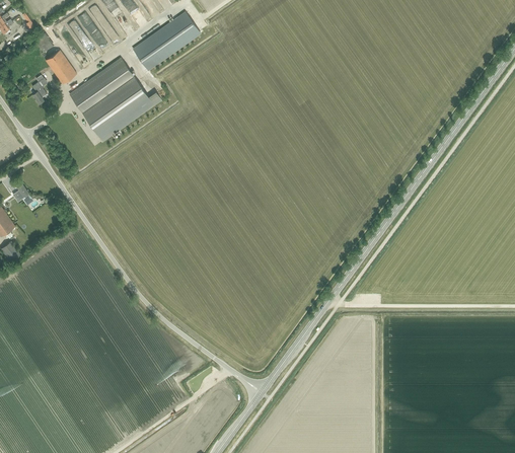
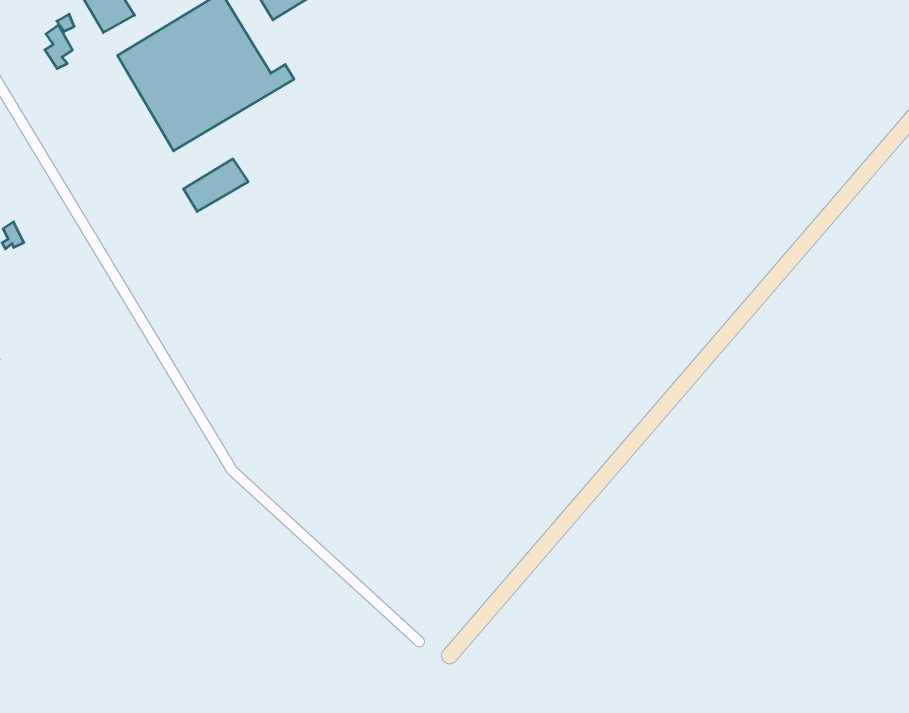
building: none -> [183,159,248,212]

